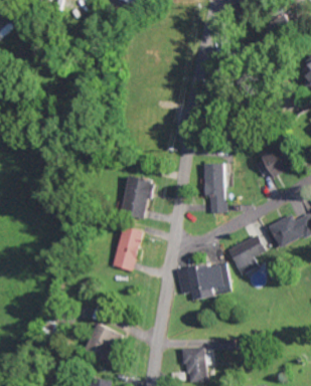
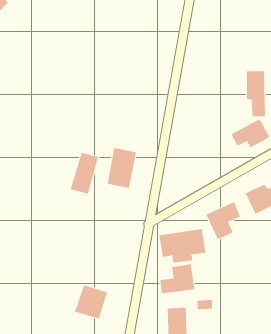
building: [203,164,224,213] -> [246,71,266,117]
building: [112,226,143,271] -> [70,152,99,194]
building: none -> [160,263,195,294]

